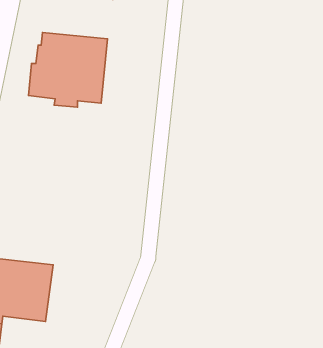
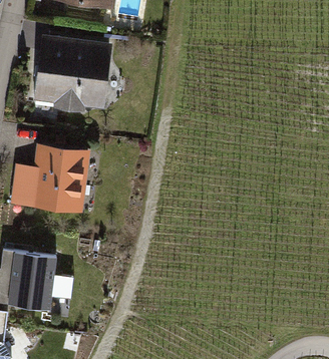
building: none -> [13,150,83,209]

